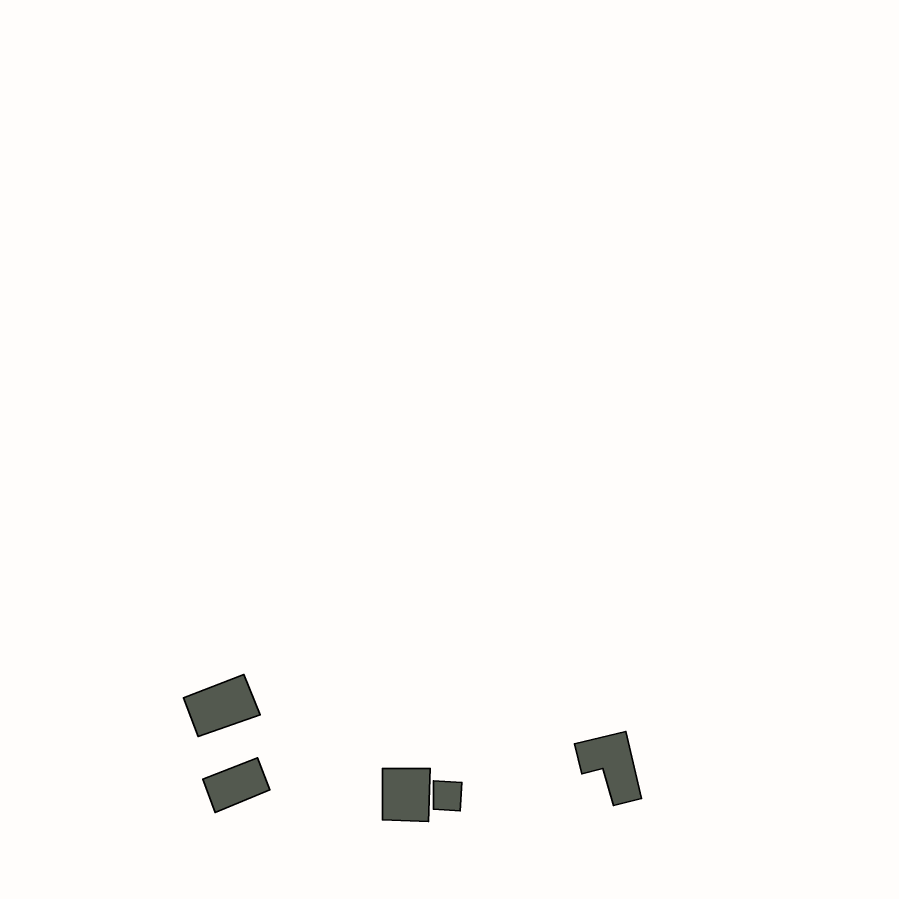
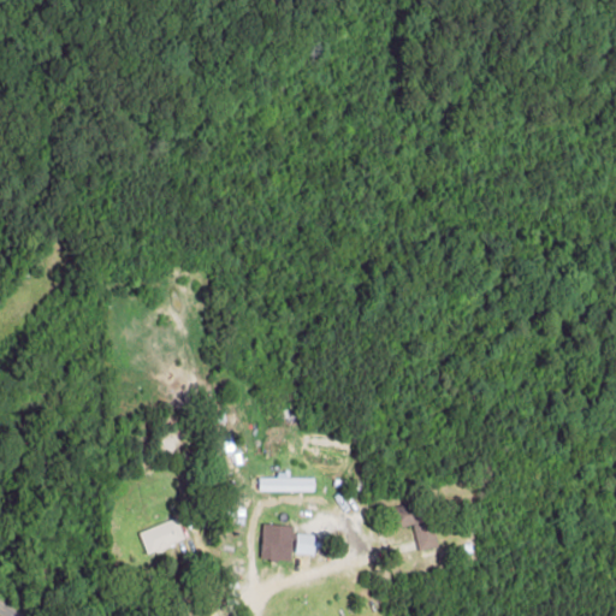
building: [184,675,260,736] -> none
building: none -> [260,473,315,492]

